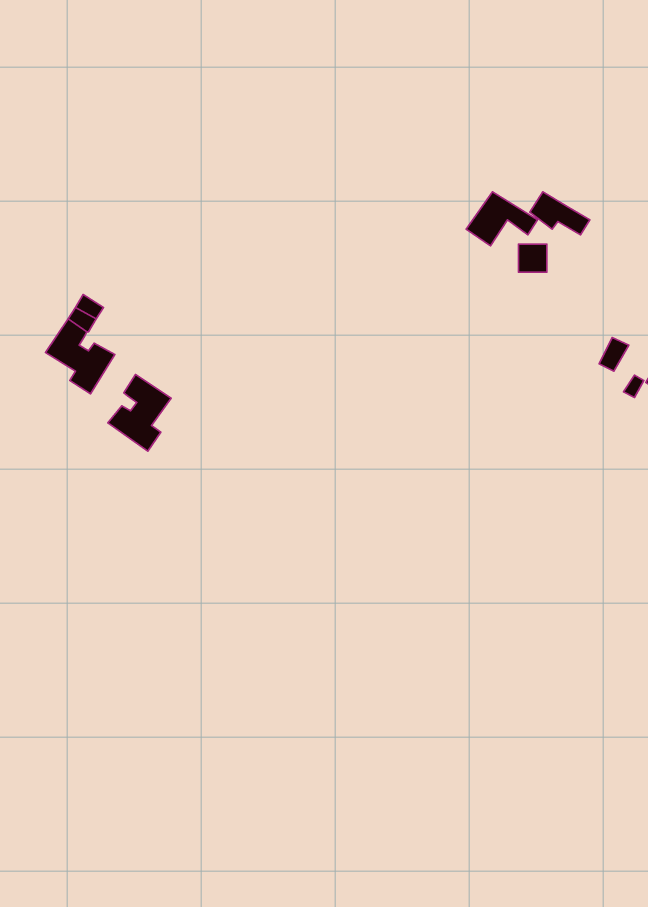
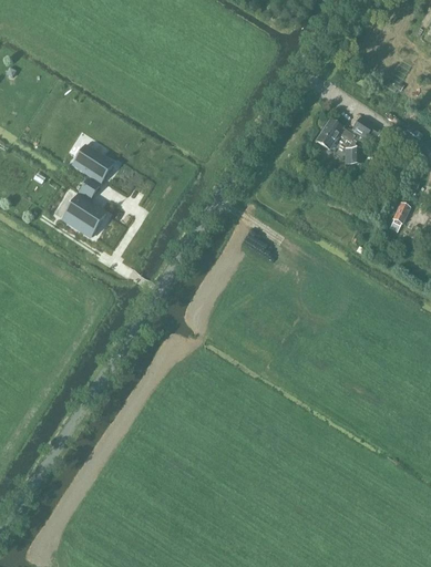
building: none -> [71,144,113,183]
building: [108,375,171,451] -> none

